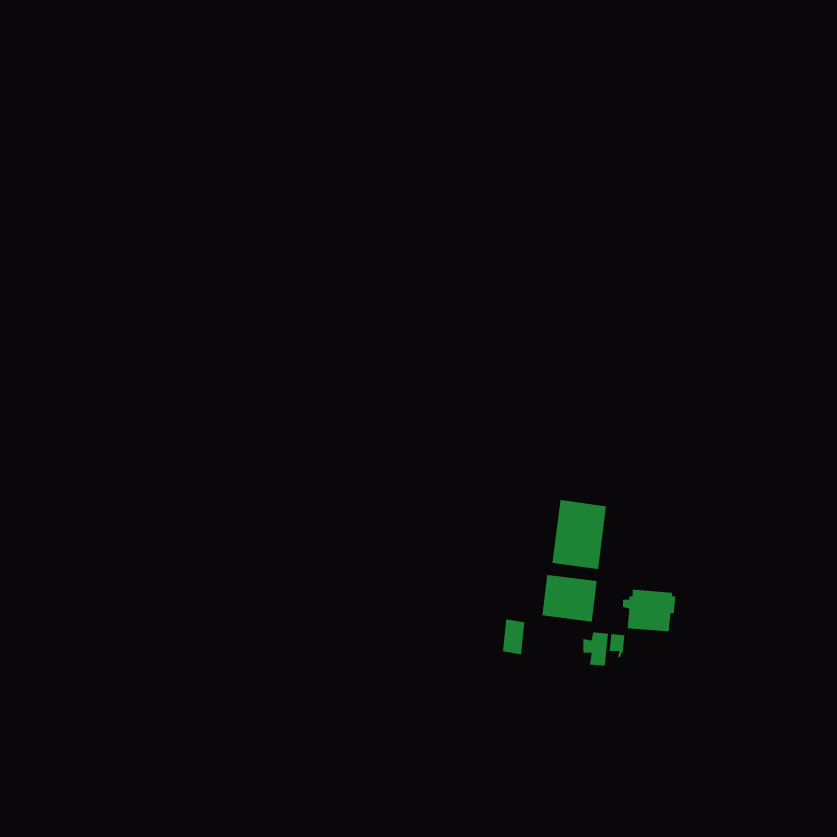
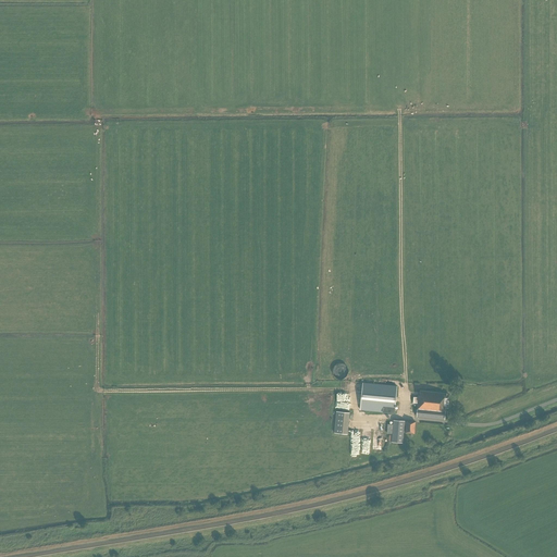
building: [552,499,607,570] -> none

